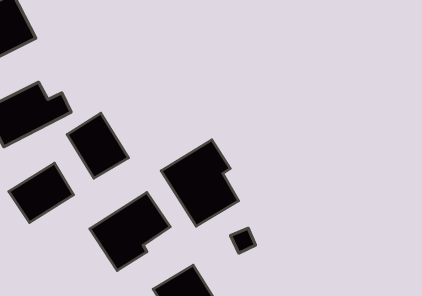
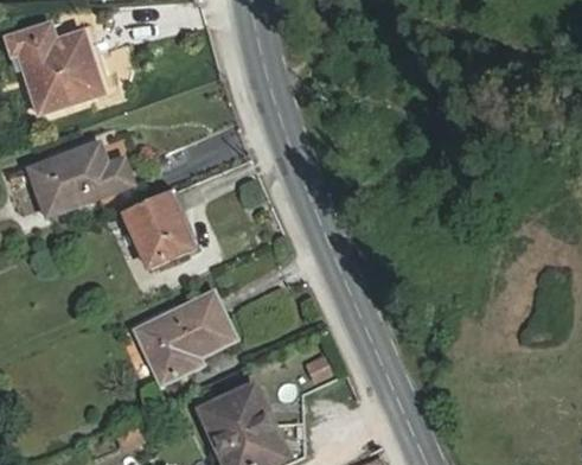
building: [161,140,239,226] -> none
building: [9,163,74,223] -> none

